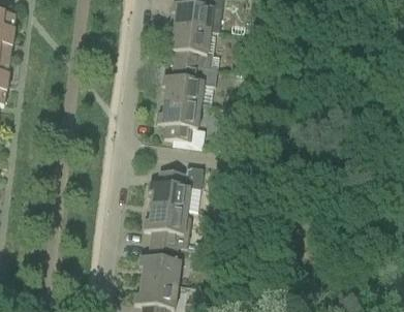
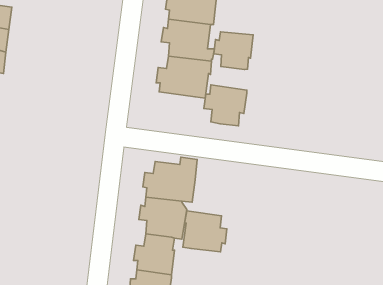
building: none -> [214,32,253,70]
building: [157,101,200,143] -> [204,85,247,126]
building: none -> [183,211,227,252]

